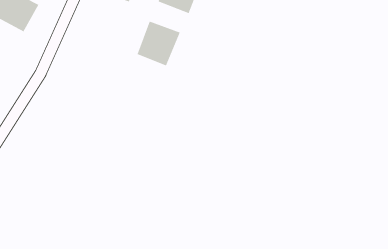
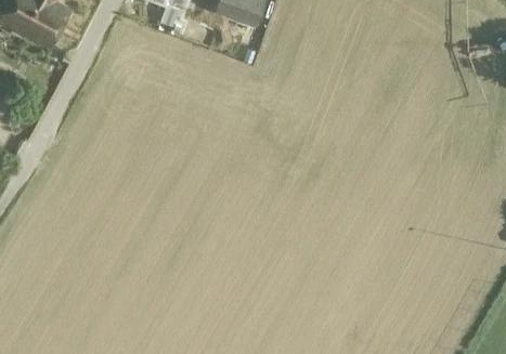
building: [137,20,181,66] -> none

